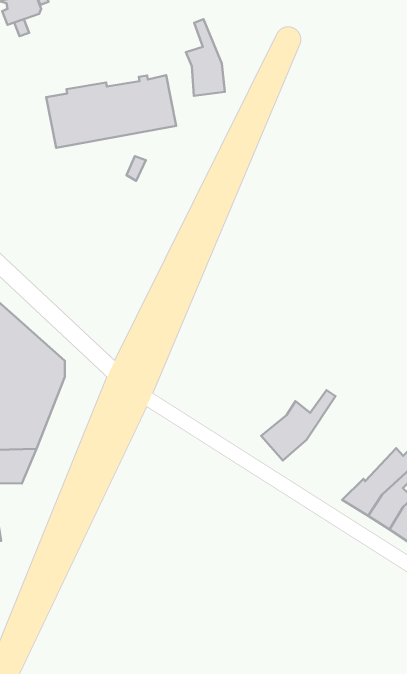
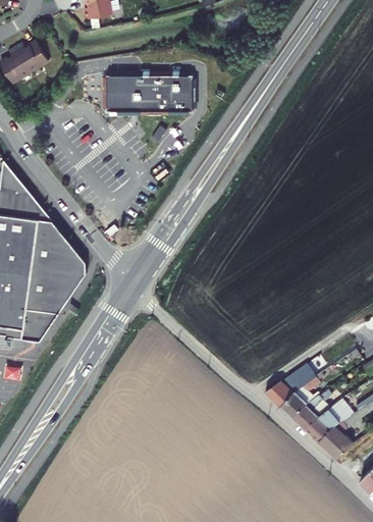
building: [186,19,225,96] -> none
building: [261,390,335,460] -> none

